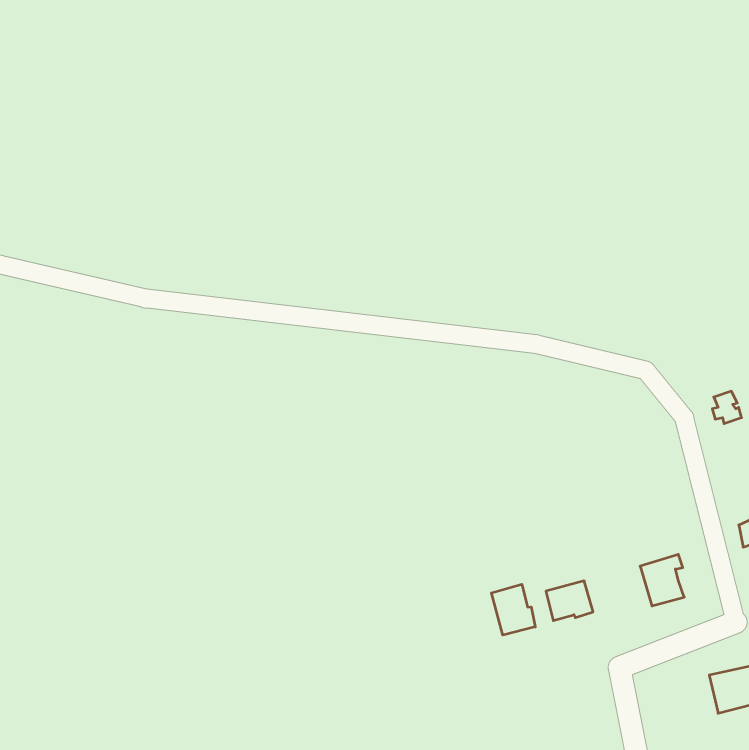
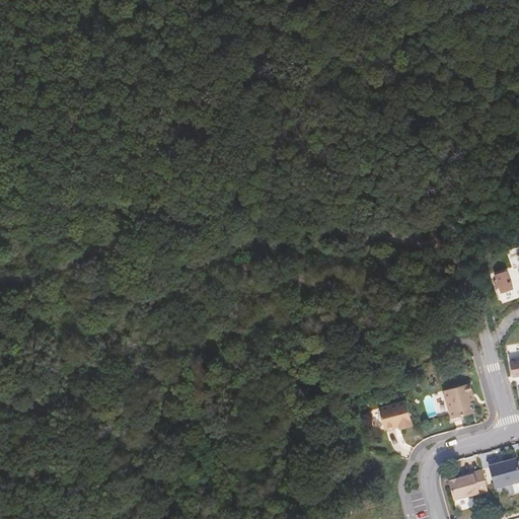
building: [491,584,535,635] -> none
building: none -> [448,468,488,500]

